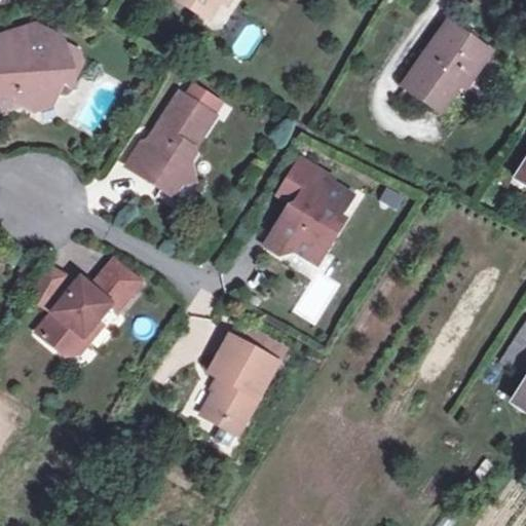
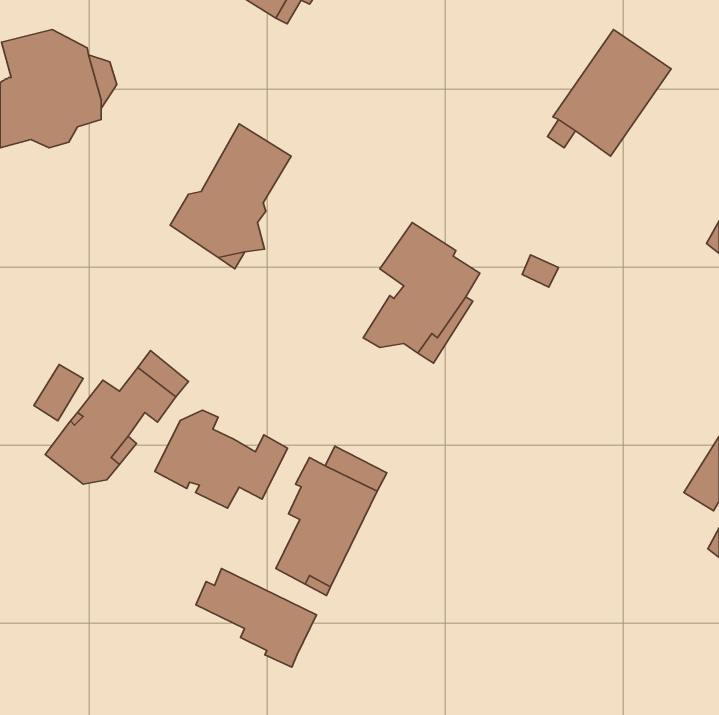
building: none -> [155,410,287,508]
building: none -> [196,569,316,667]

